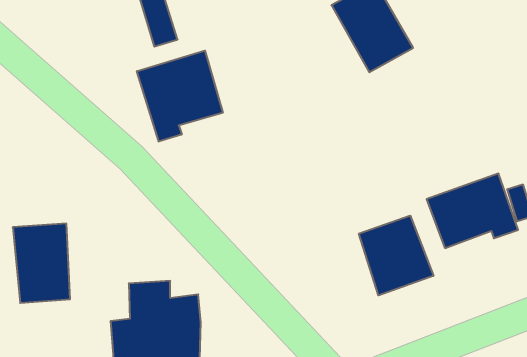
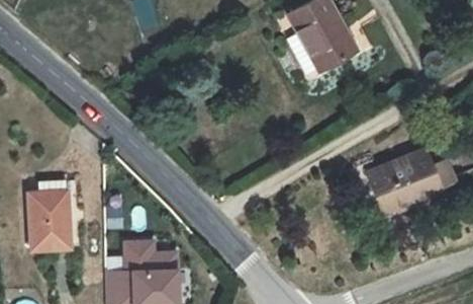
building: [137,51,223,142] -> none
building: [359,216,433,295] -> none

